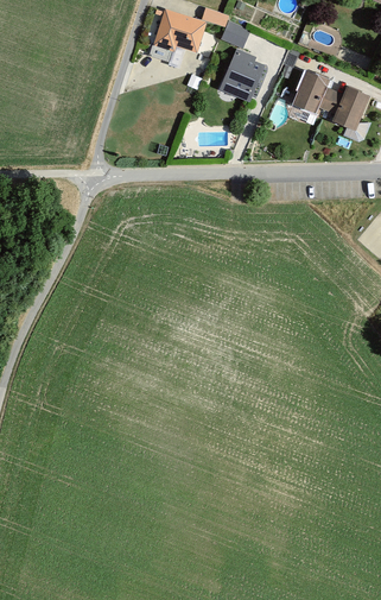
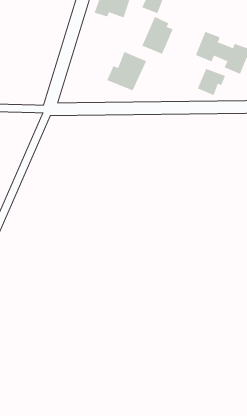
building: none -> [107,51,147,91]
building: none -> [197,68,226,96]

